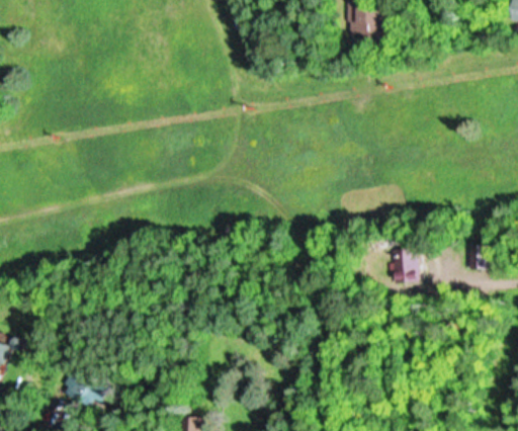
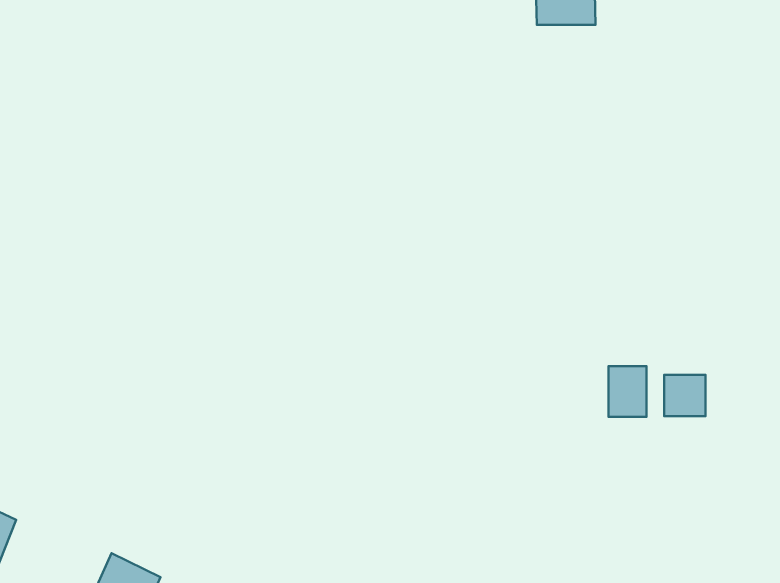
building: none -> [664,375,705,416]

